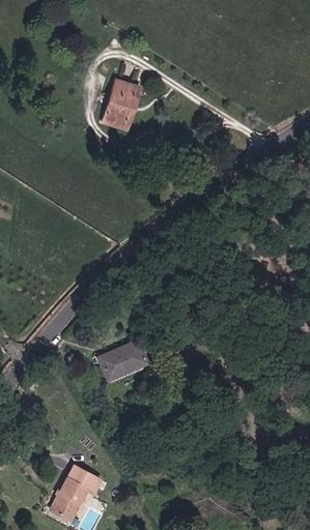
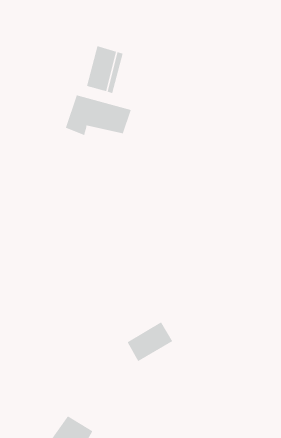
building: none -> [65,95,131,136]
building: [105,336,153,379] -> [127,321,173,362]

